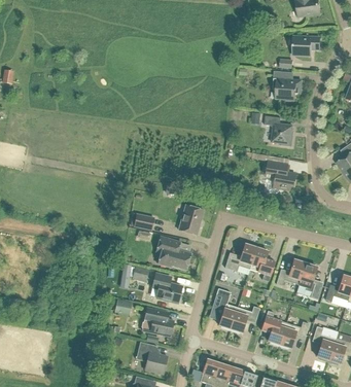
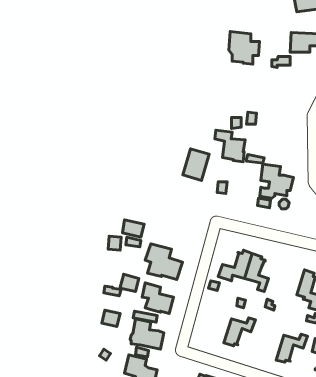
building: [273,70,302,101] -> [229,32,259,64]
building: [265,115,293,145] -> [215,130,245,162]
building: [178,204,203,234] -> [183,149,209,180]
building: [276,258,306,285] -> none
building: [212,288,237,329] -> none
building: [264,310,286,346] -> none

